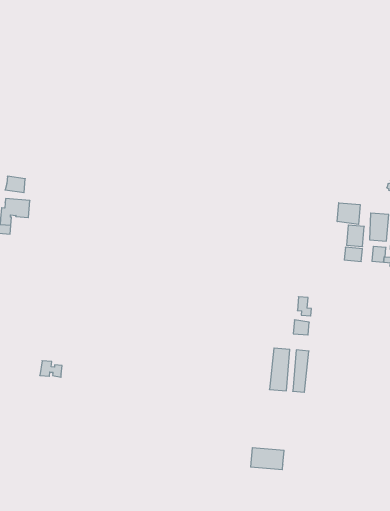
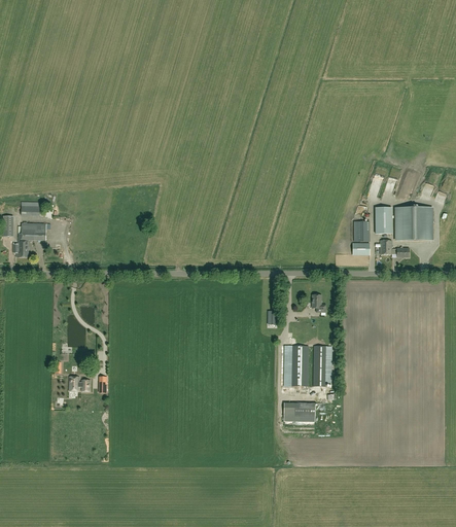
building: [337,203,360,224] -> none
building: [251,448,284,470] -> [284,401,315,420]

